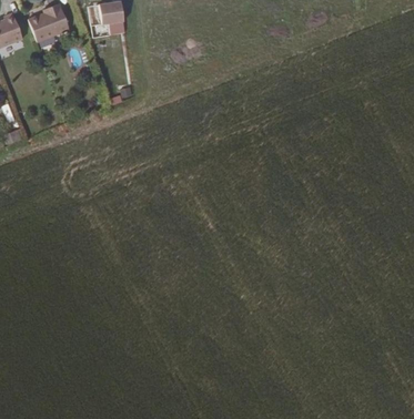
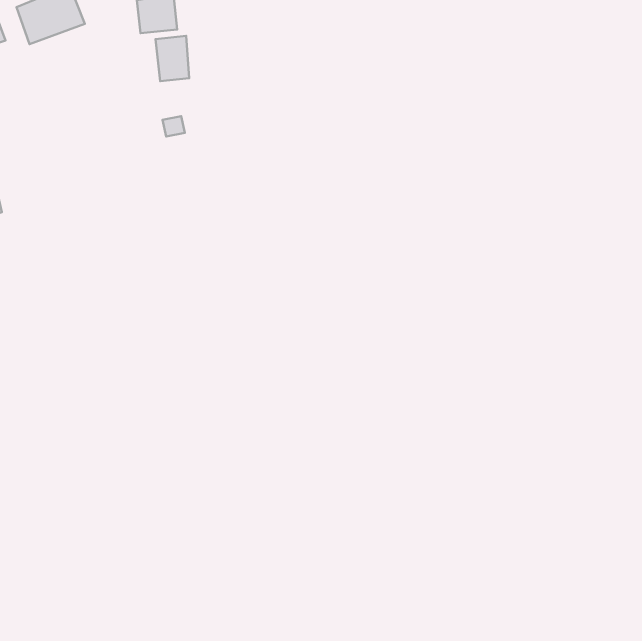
building: none -> [155,36,189,81]

